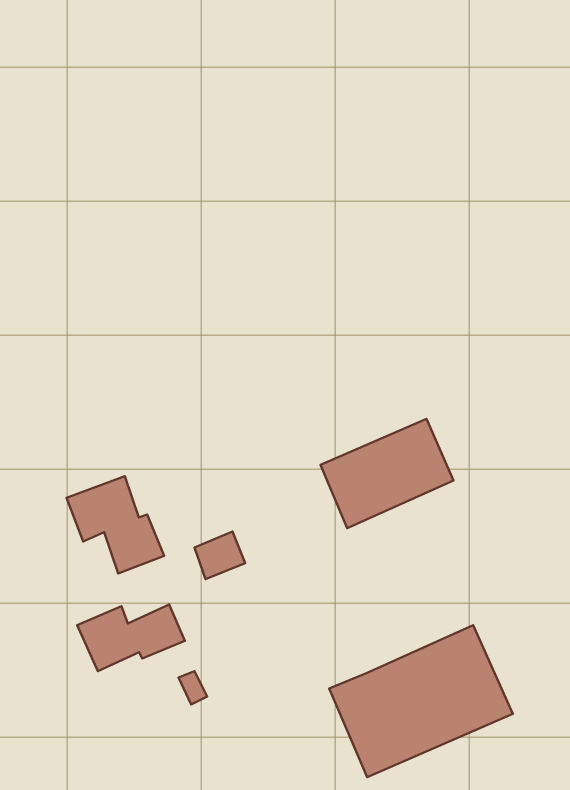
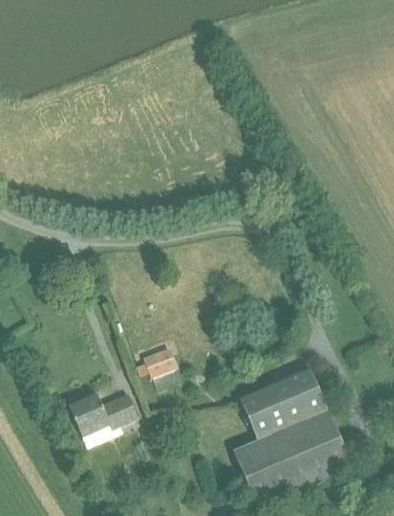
building: [320,419,453,528] -> [240,367,326,438]
building: [67,476,164,574] -> none

